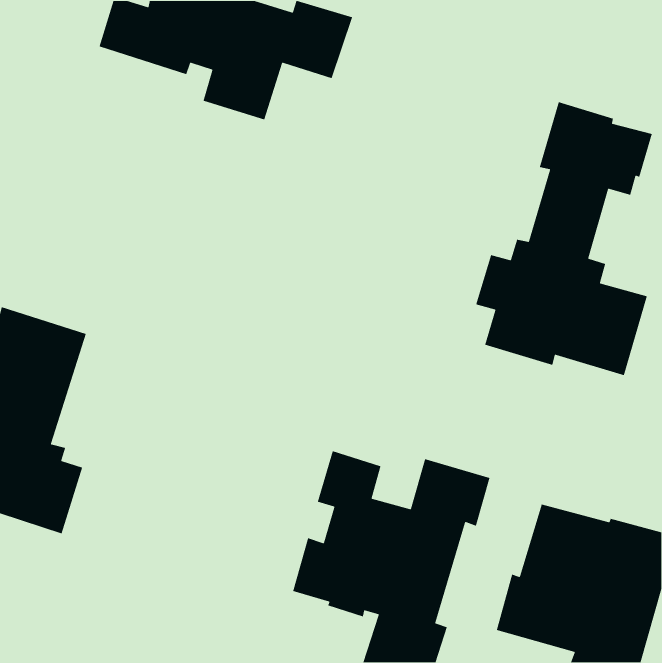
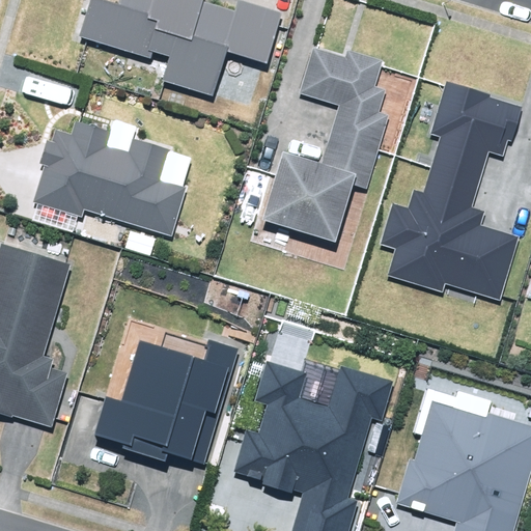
building: none -> [261,47,389,243]
building: none -> [30,116,190,231]
building: none -> [94,341,236,465]

